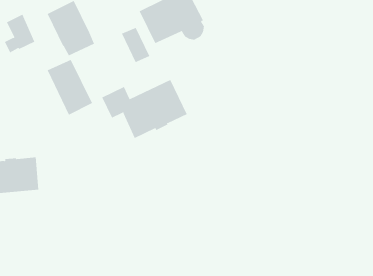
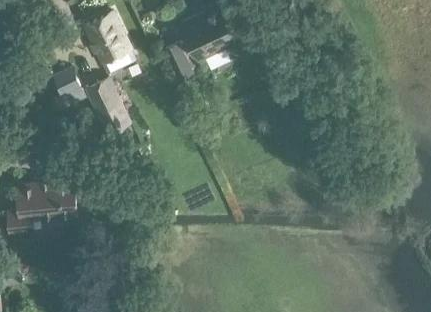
building: [4,14,35,53] -> [50,67,83,109]
building: [102,79,188,139] -> none

